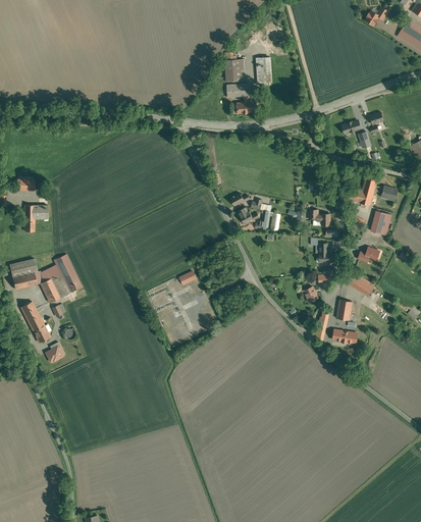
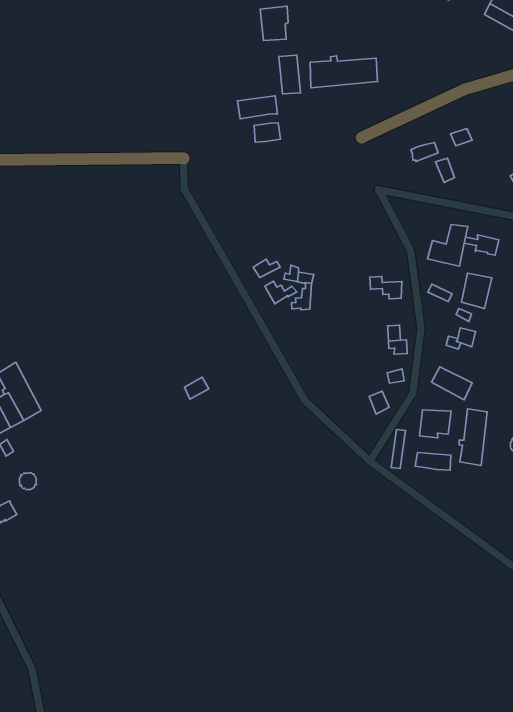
building: none -> [310,56,377,88]
building: [225,59,244,82] -> [260,6,288,41]
building: none -> [459,409,487,466]

